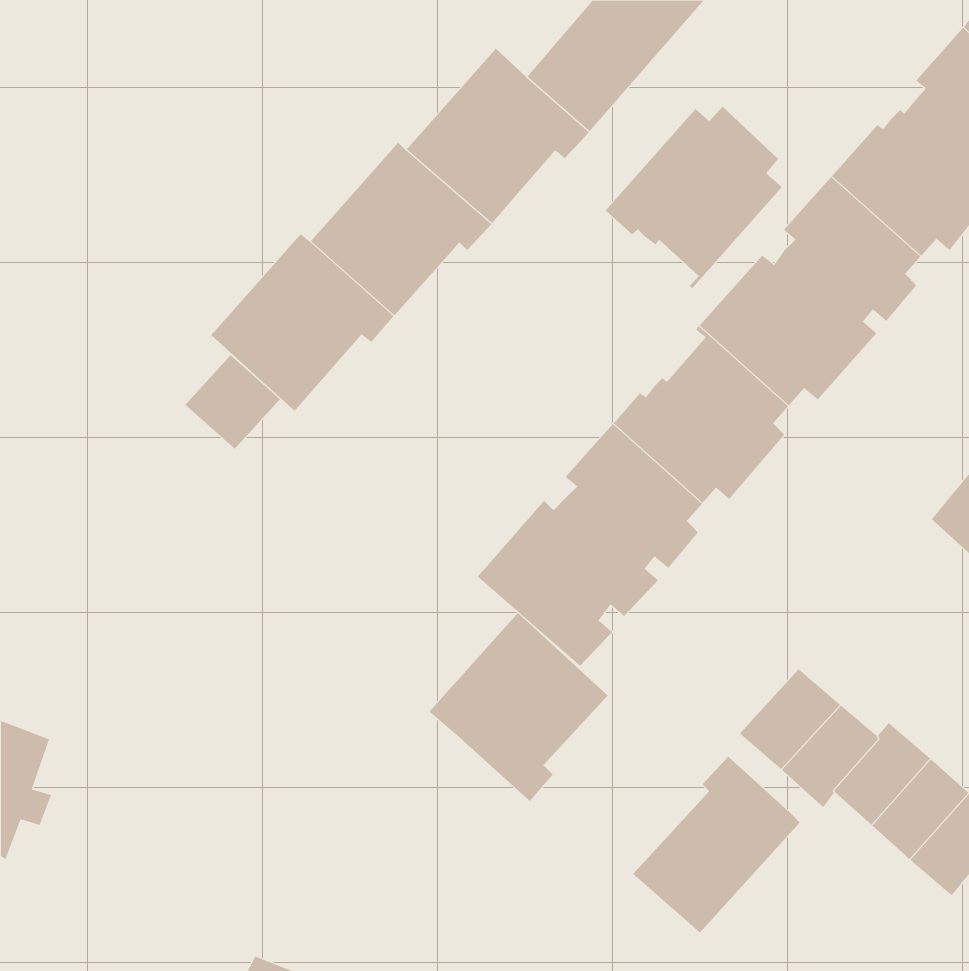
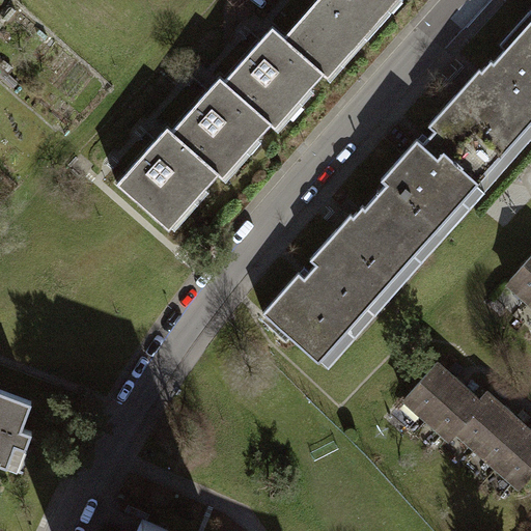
building: [605,106,783,289] -> none
building: [184,354,281,449] -> none
building: [428,612,608,802] -> none
building: [632,756,801,933] -> none

